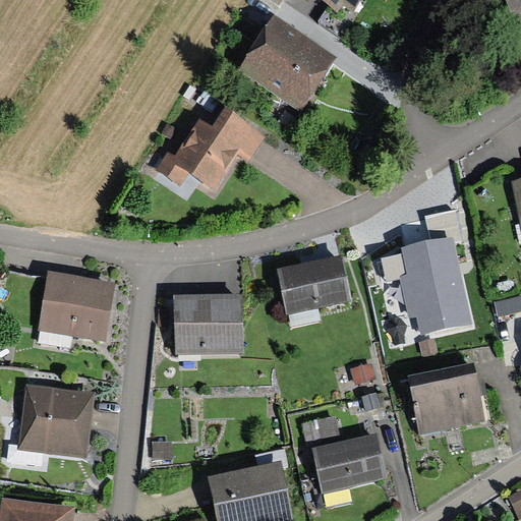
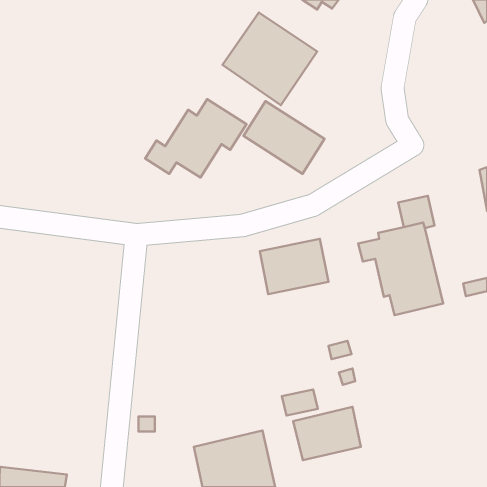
building: none -> [243,101,324,174]
building: [39,272,115,342] -> none
building: [174,294,240,352] -> none
building: [406,361,485,436] -> none
building: [18,385,91,457] -> none

